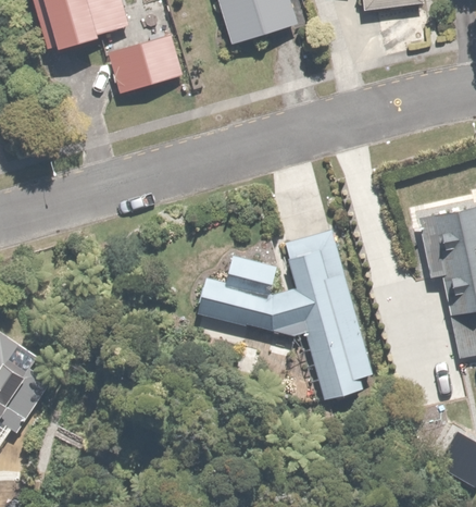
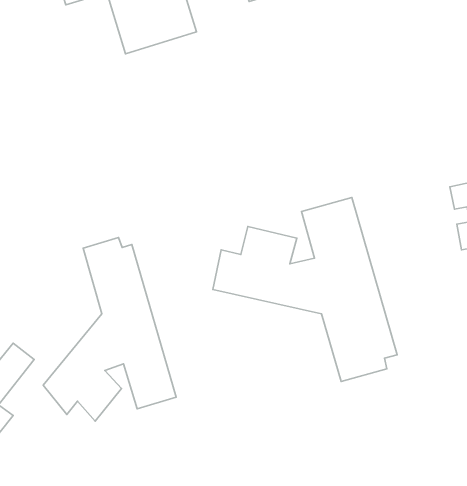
building: none -> [43,238,176,421]

